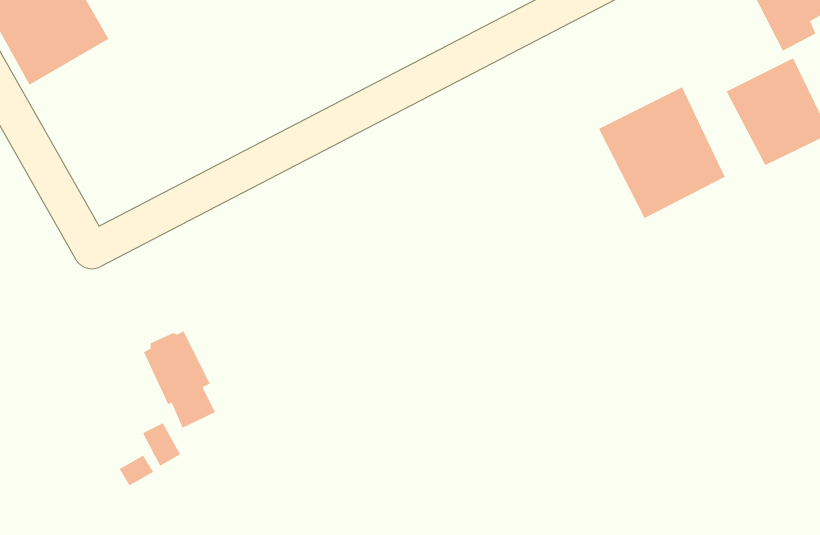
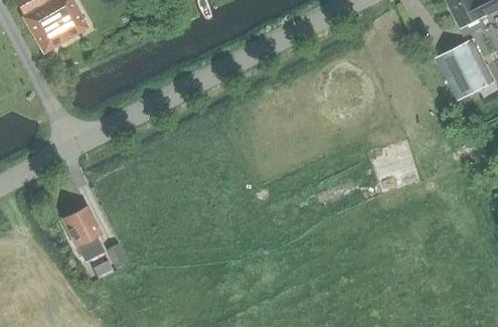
building: [598,86,726,219] -> none
building: [143,330,216,429] -> [63,205,105,261]

